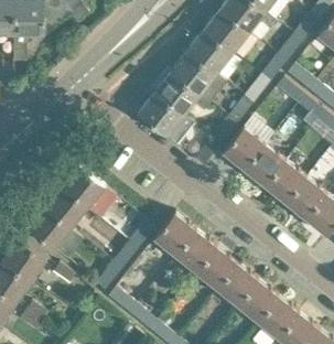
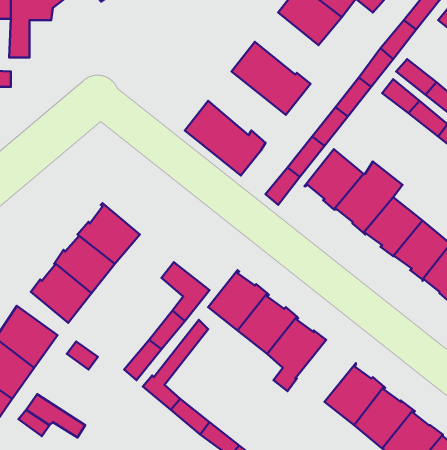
building: [186,30,231,74] -> none
building: [153,72,208,117] -> none
building: [215,262,258,307] -> none

